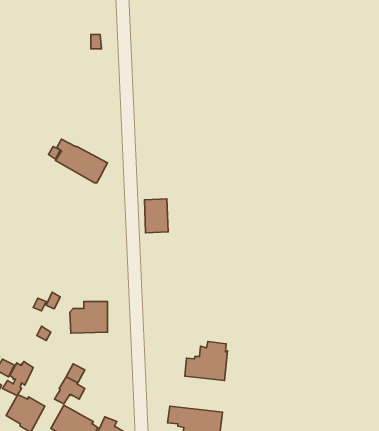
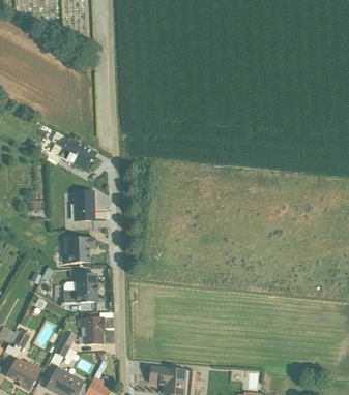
building: [144,199,168,233] -> [72,191,93,221]
building: none -> [62,238,94,264]
building: [185,341,228,381] -> none
building: none -> [78,318,103,344]

